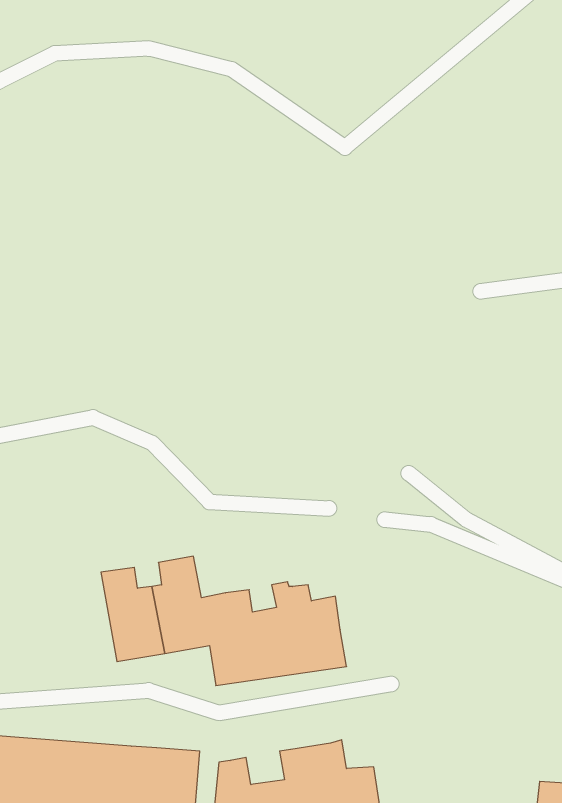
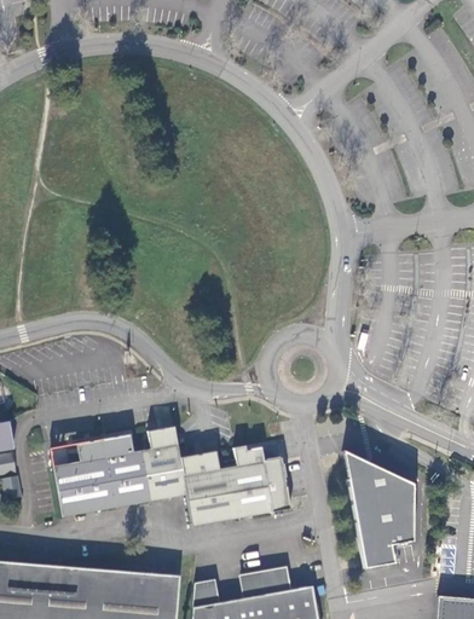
building: none -> [52,439,117,516]
building: none -> [343,452,414,567]

